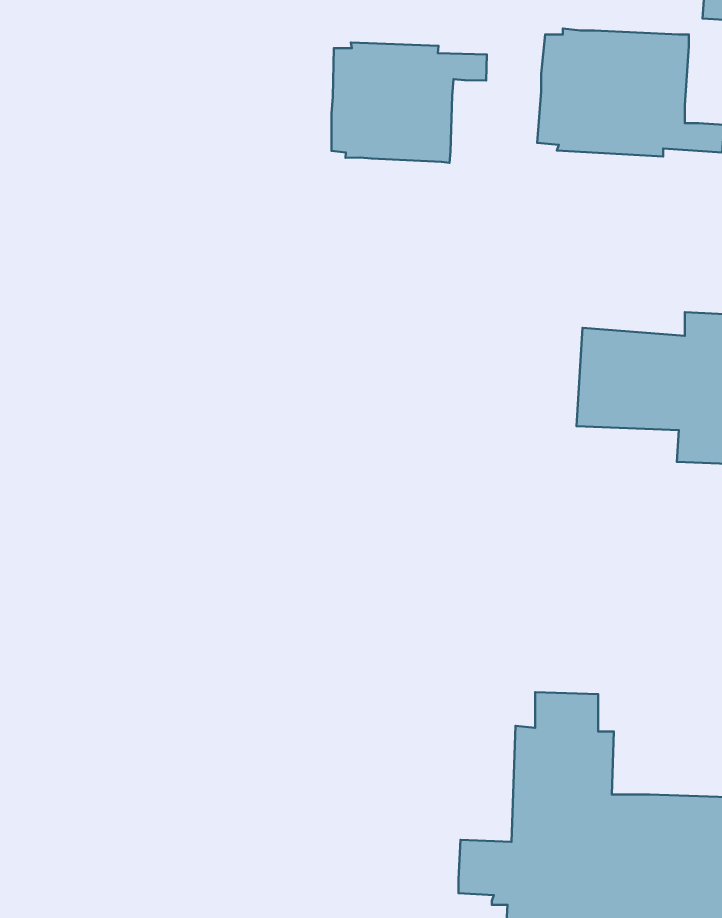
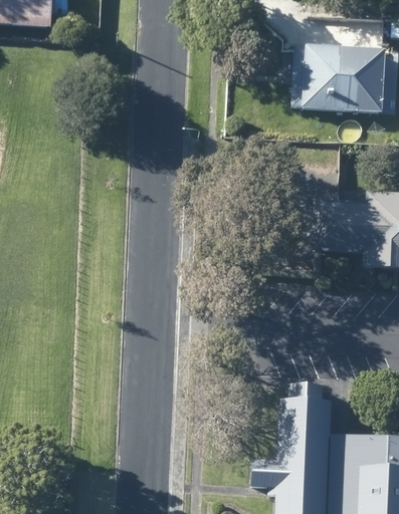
building: [331,43,487,163] -> none

